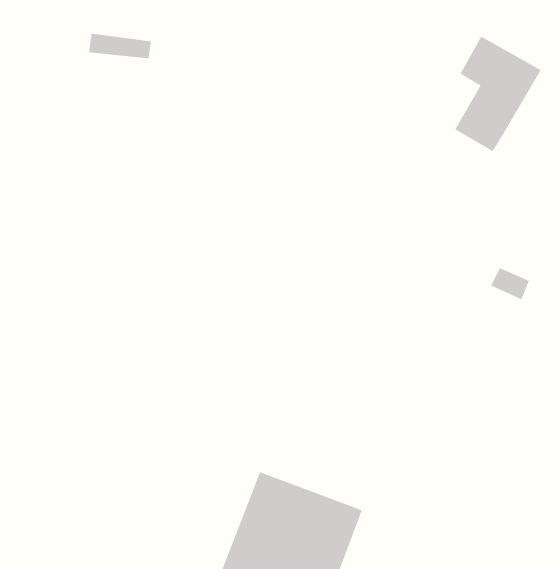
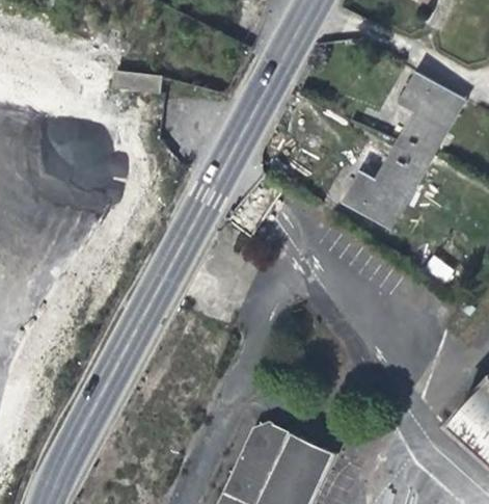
building: none -> [344,149,427,230]

